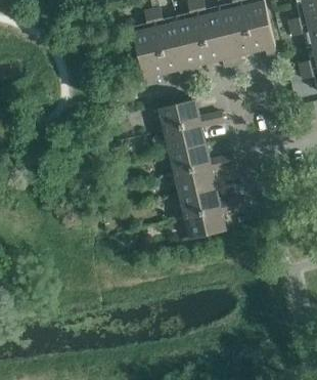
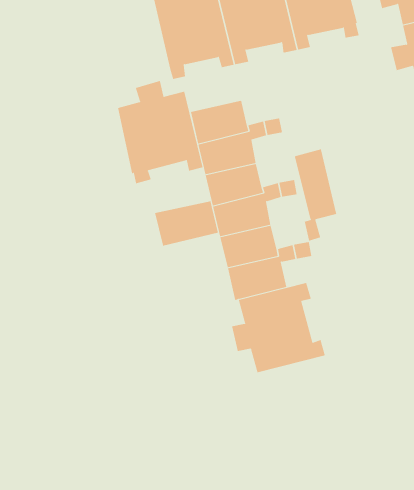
building: none -> [117,80,203,184]
building: none -> [294,149,337,242]
building: none -> [155,201,218,246]
building: none -> [231,282,325,373]

